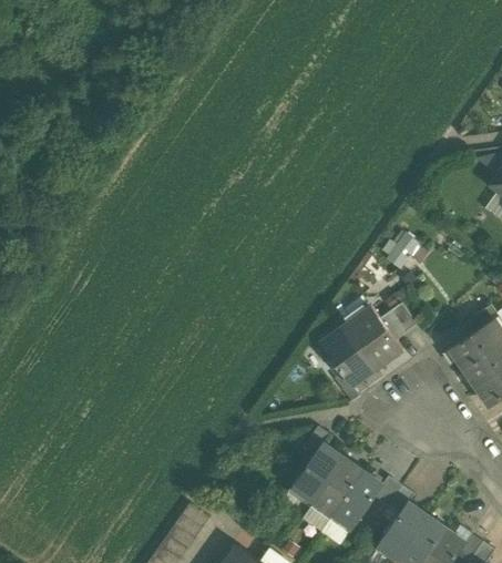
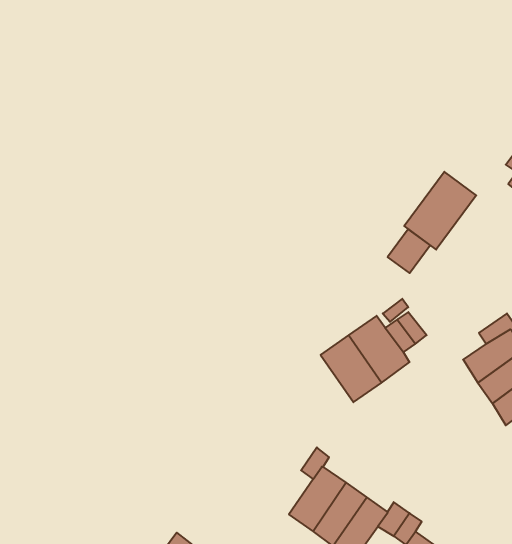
building: none -> [404,172,476,250]

